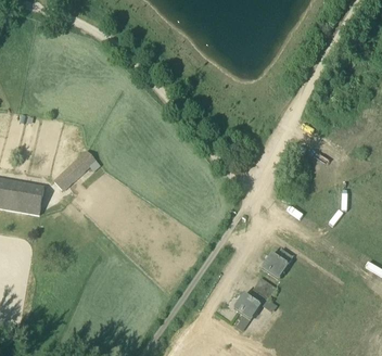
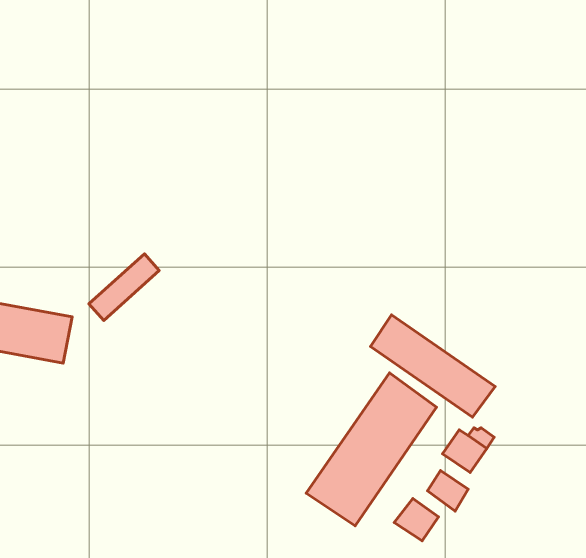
building: none -> [371,315,495,417]
building: none -> [306,373,437,526]

